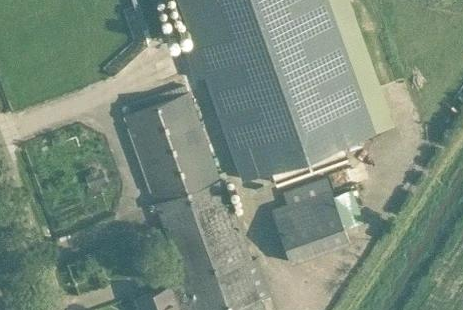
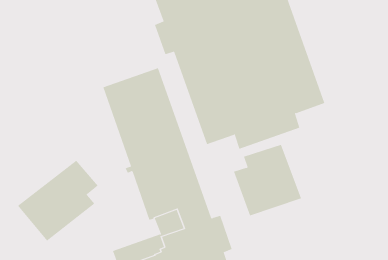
building: none -> [17,160,99,242]

